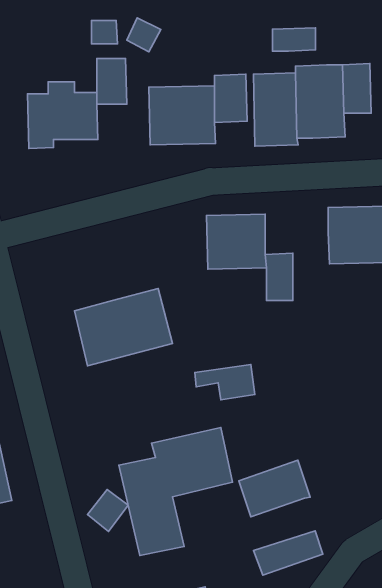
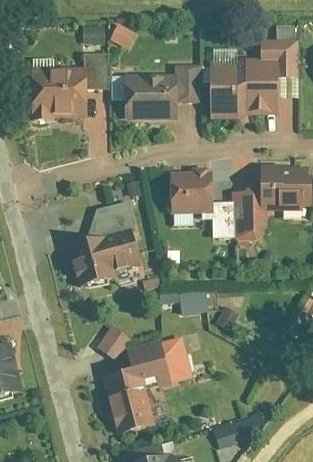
building: [272,28,316,51] -> [261,39,294,57]
building: none -> [234,185,263,237]
building: none -> [90,202,132,237]
building: [239,460,310,517] -> none
building: [88,490,128,531] -> [96,326,127,358]

